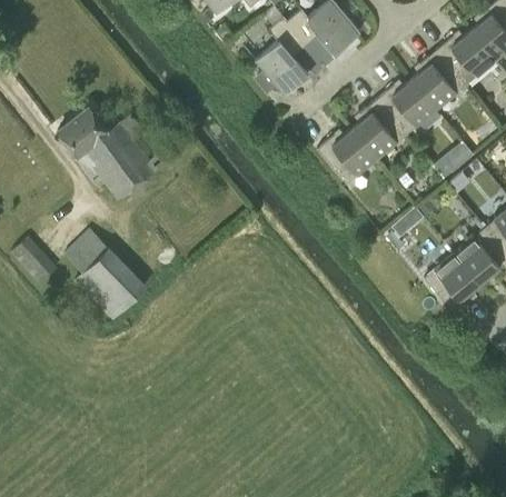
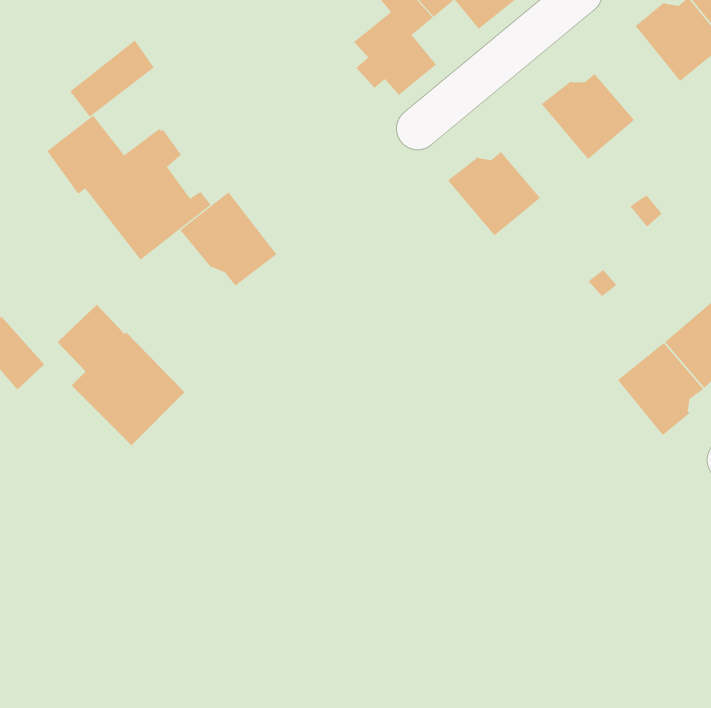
building: [410,51,465,111] -> none
building: none -> [69,40,155,117]
building: [350,101,406,161] -> none
building: none -> [180,192,277,286]

